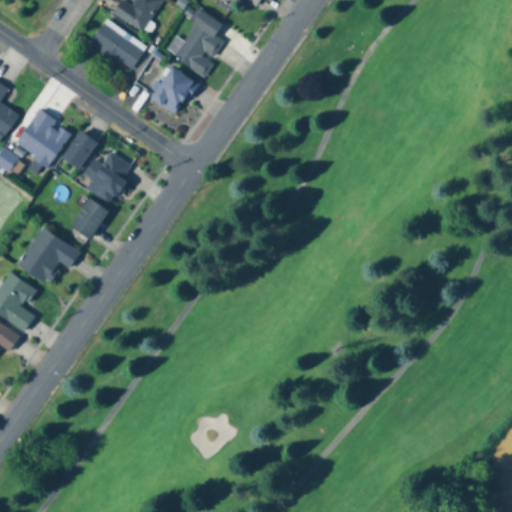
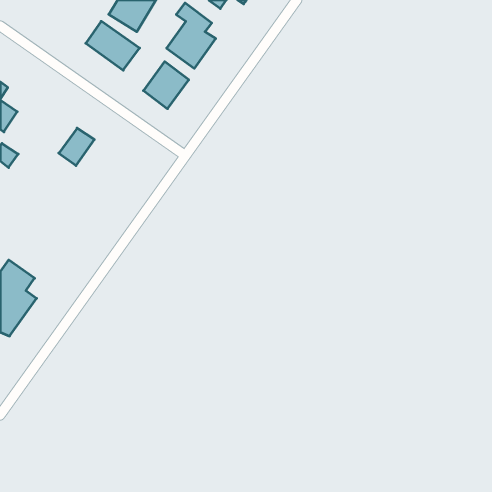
building: [16,110,69,179] -> none
building: [85,151,131,198] -> none
building: [71,196,107,235] -> none
building: [23,227,80,273] -> none

